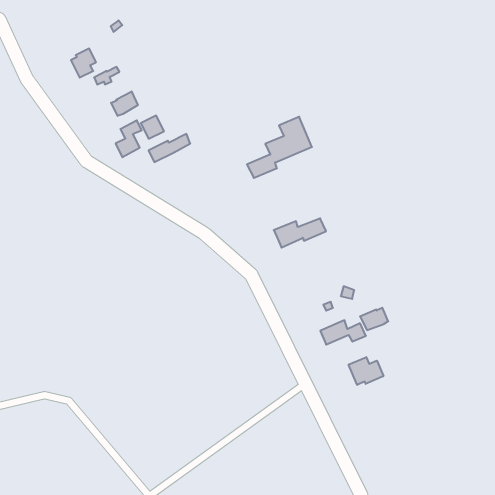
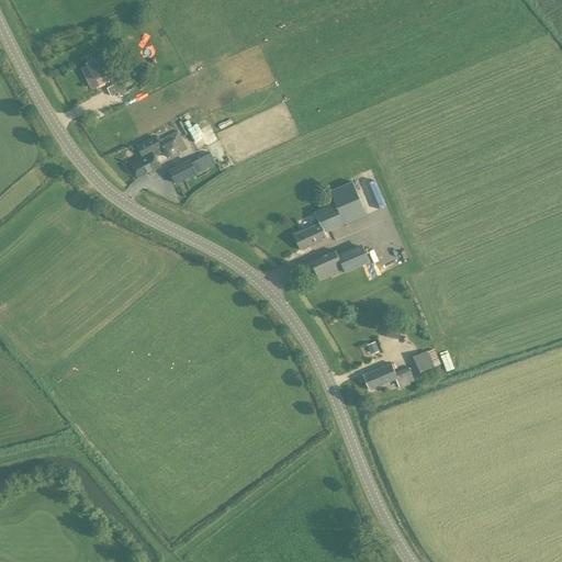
building: [111,91,138,116] -> none
building: [247,117,312,178] -> [292,180,366,249]
building: [349,357,383,385] -> none

